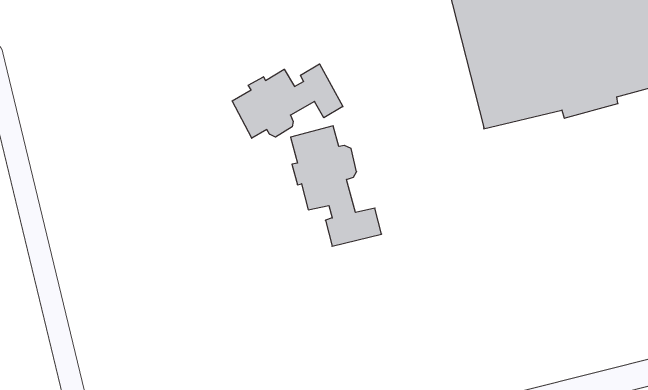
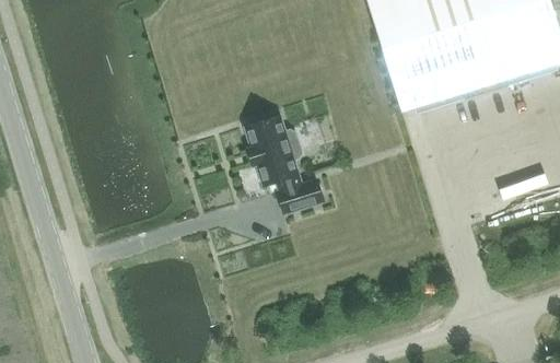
building: [232,64,343,138] -> none

